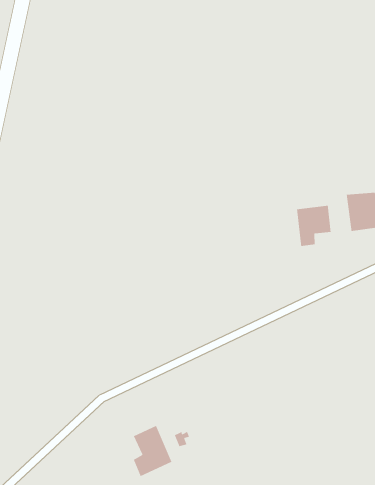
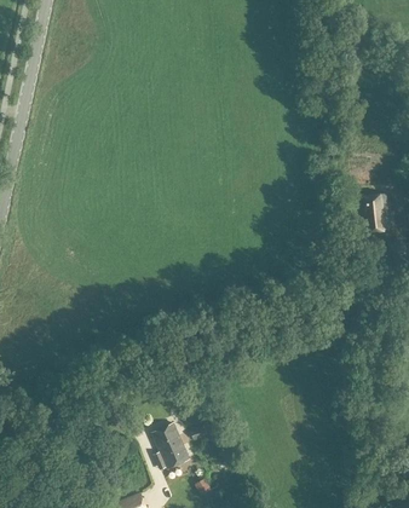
building: [296,205,331,247] -> none

